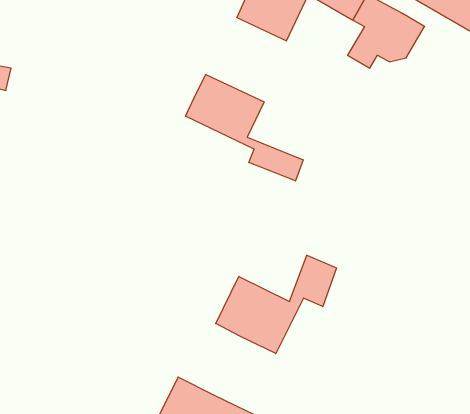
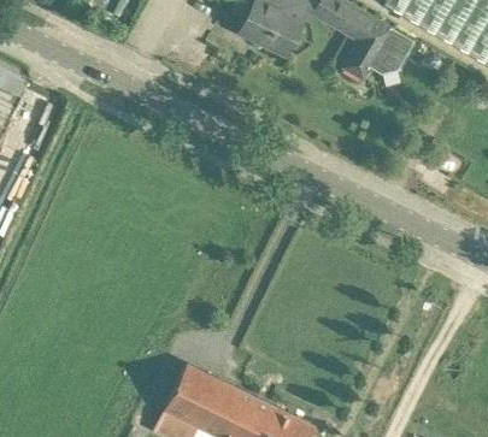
building: [186,74,303,181] -> none
building: [216,255,337,354] -> none

